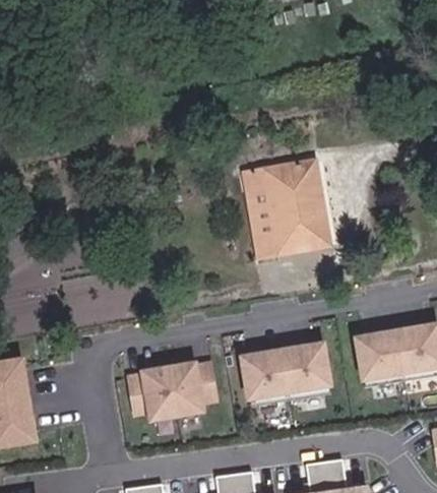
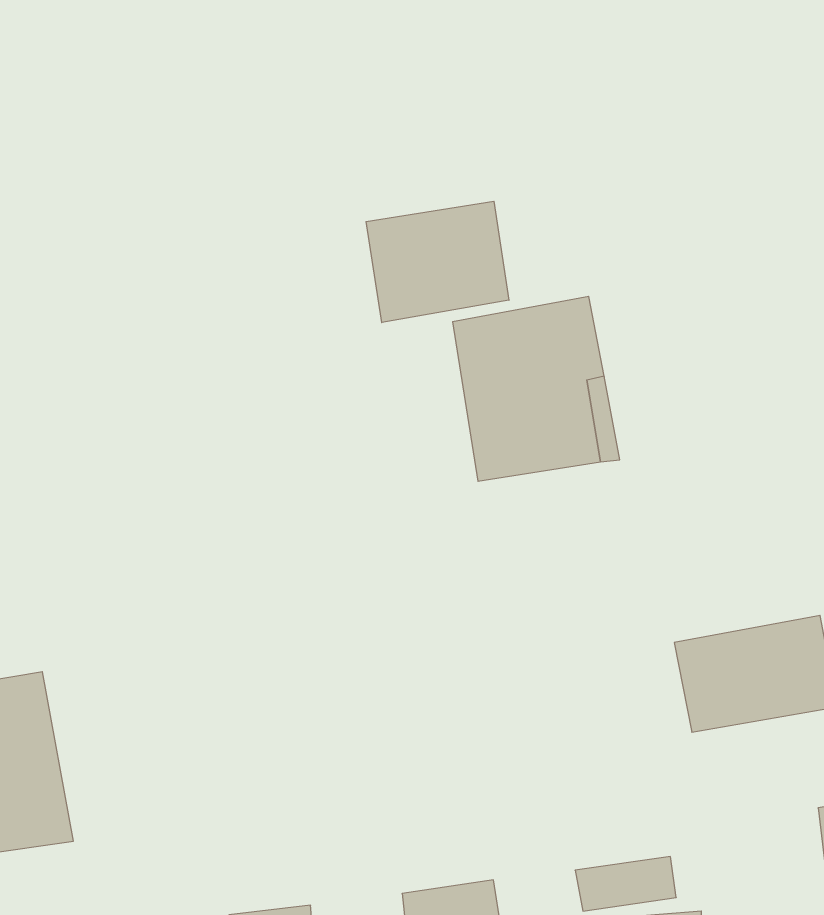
building: none -> [366,201,509,323]
building: [242,342,331,404] -> none
building: [122,357,218,423] -> none

